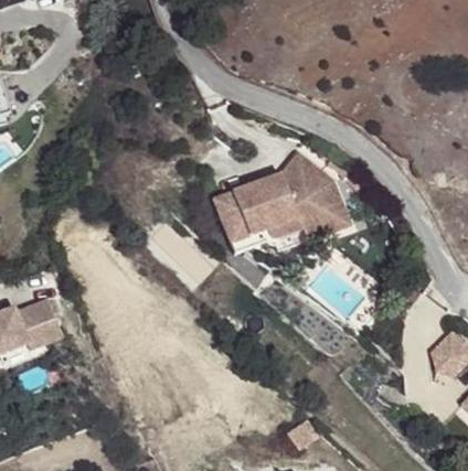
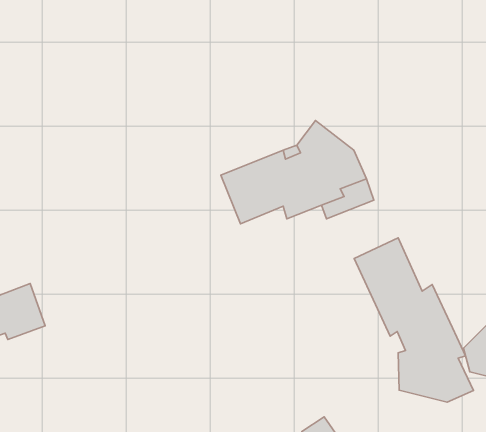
building: none -> [354,238,474,402]

